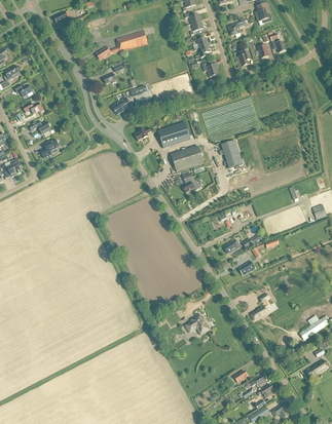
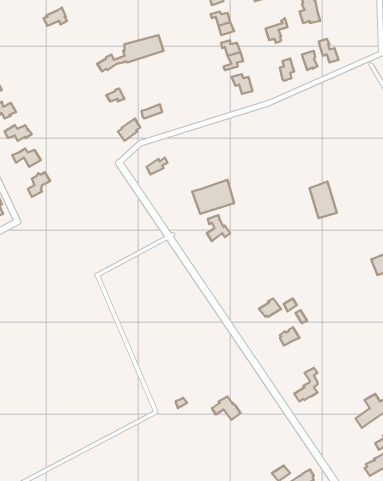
building: [157,122,190,148] -> none
building: [224,139,246,167] -> [309,182,337,218]

